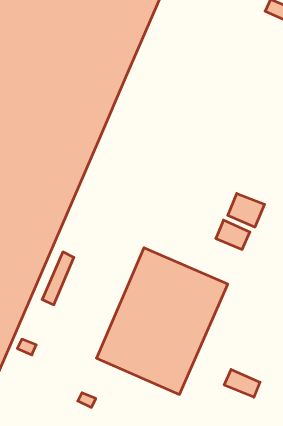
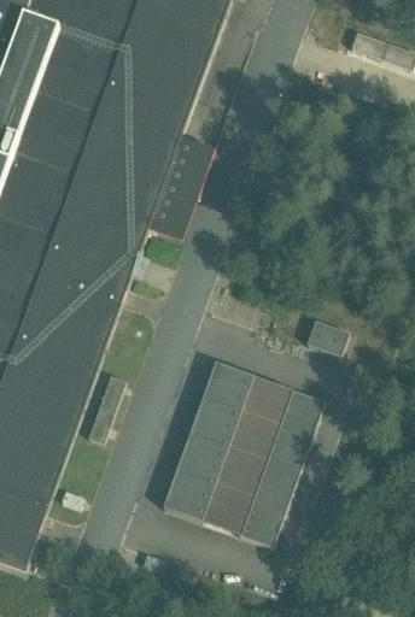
building: [228,193,265,227] -> none
building: [224,369,260,397] -> none

